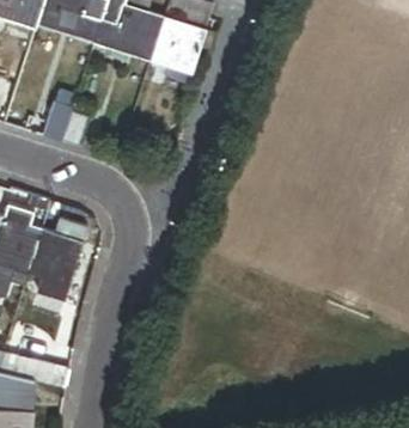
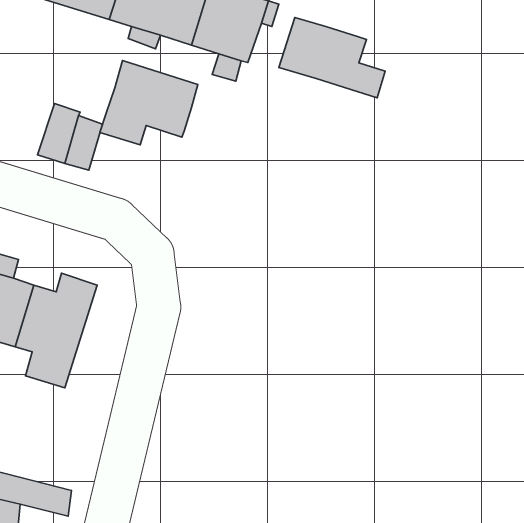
building: none -> [279,18,385,98]
building: none -> [100,61,198,145]

